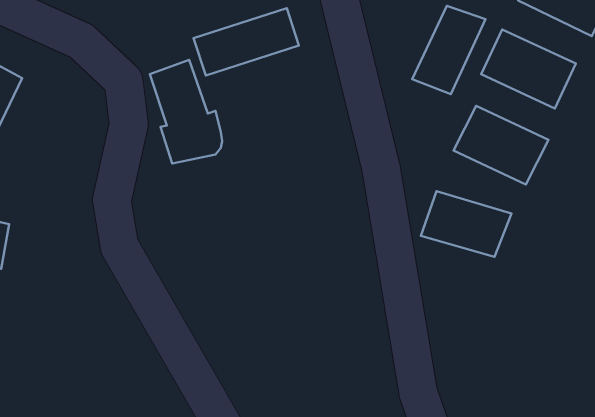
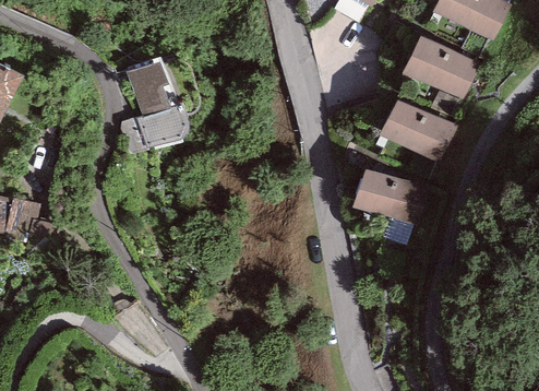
building: [412,6,486,94] -> none
building: [194,8,299,75] -> none

